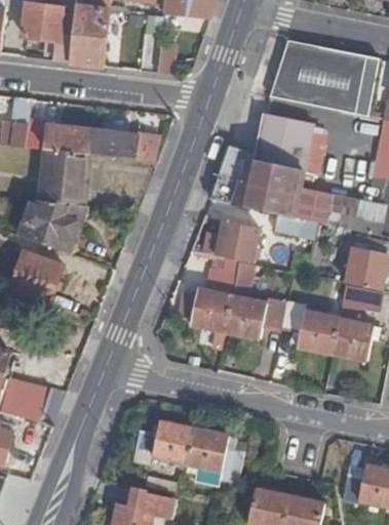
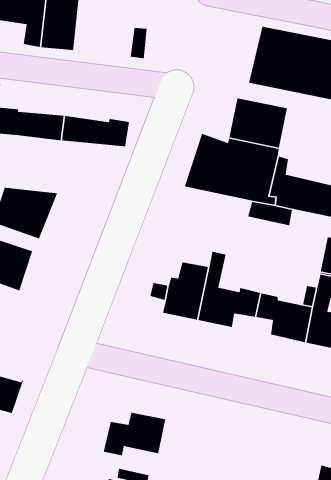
building: [41,149,91,205] -> none
building: [216,220,258,264] -> none
building: [186,429,242,483] -> none

